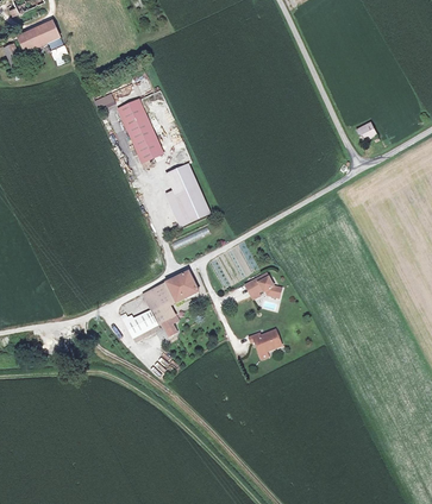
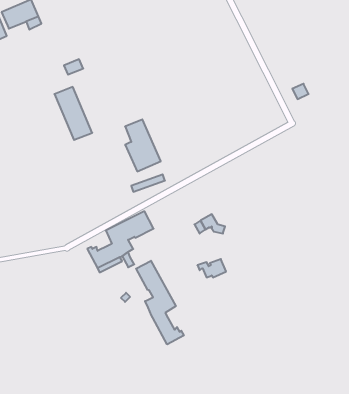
building: [118,101,162,163] -> [54,87,92,140]
building: none -> [136,261,184,344]

